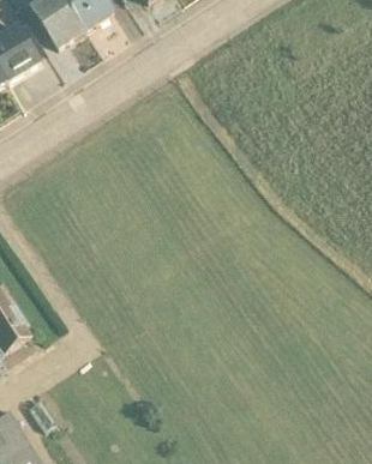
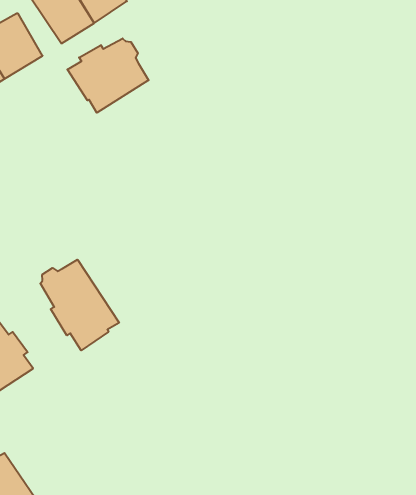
building: none -> [67,38,149,113]
building: none -> [40,260,119,350]

